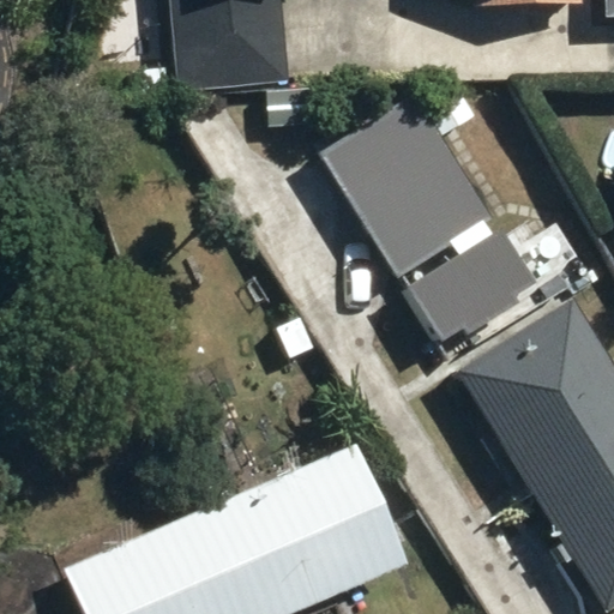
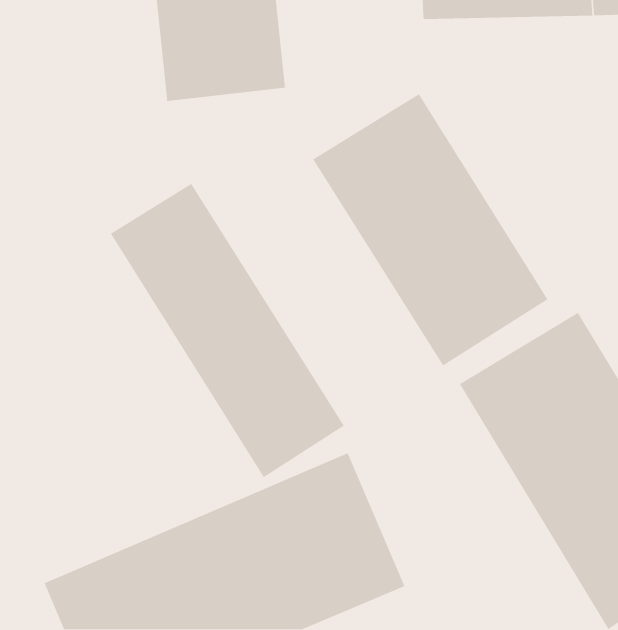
building: none -> [110,183,345,478]

